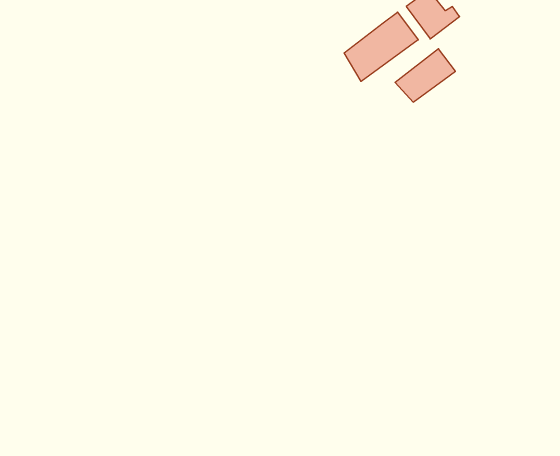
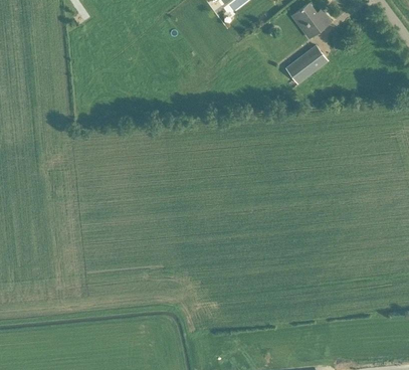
building: [344,12,418,81] -> none

